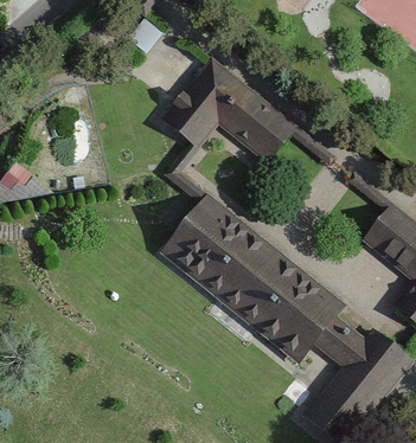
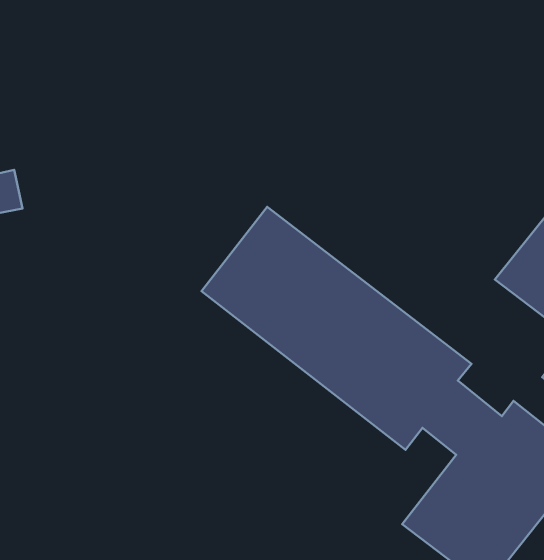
building: [162,60,296,163] -> none

